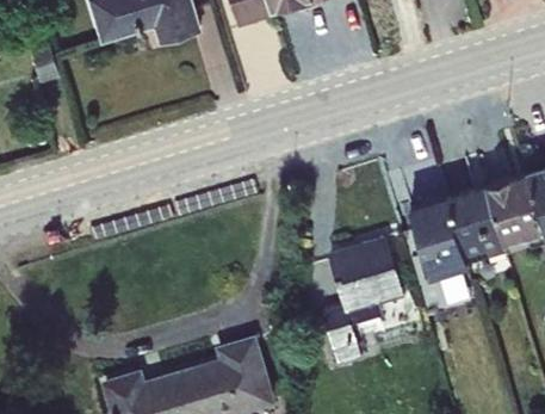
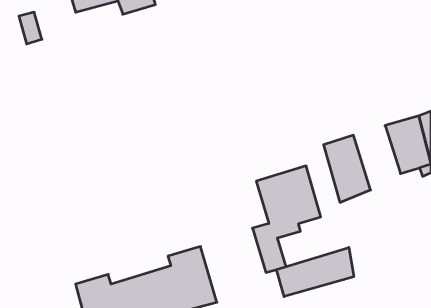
building: [446,185,508,265] -> none
building: none -> [277,247,354,297]

